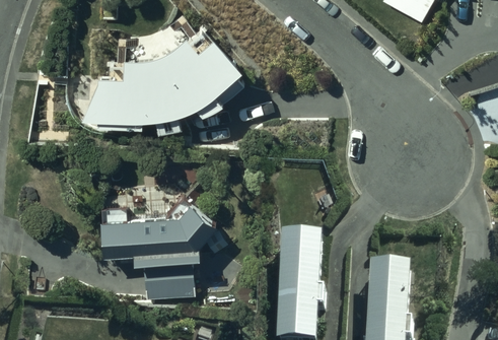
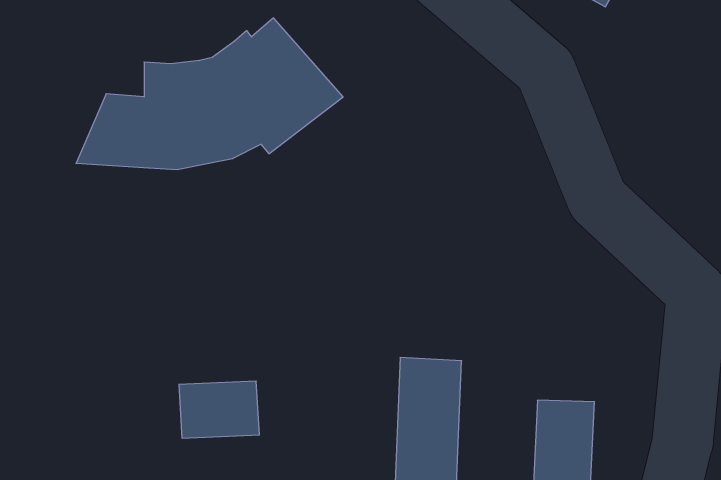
building: [97,203,215,258] -> none

